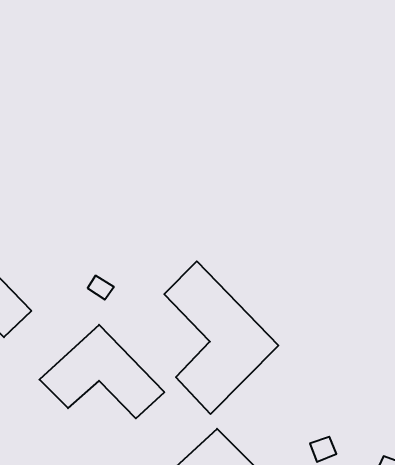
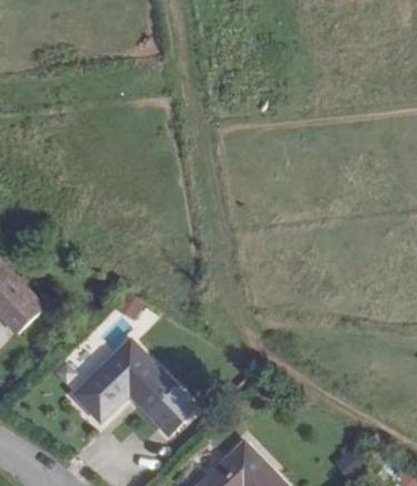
building: [164,261,278,414] -> none

